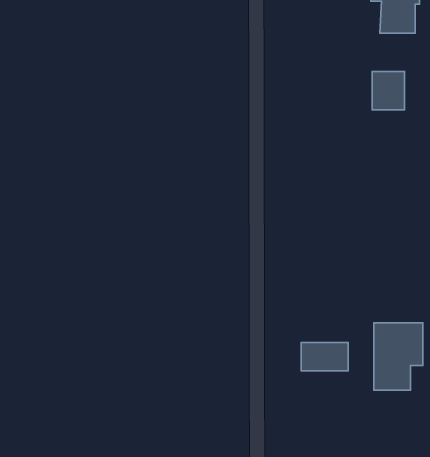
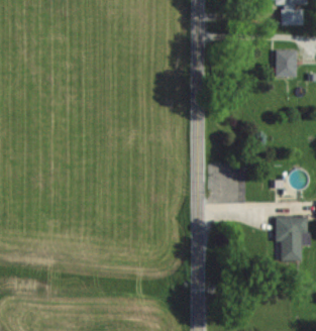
building: [301,342,348,371] -> none

